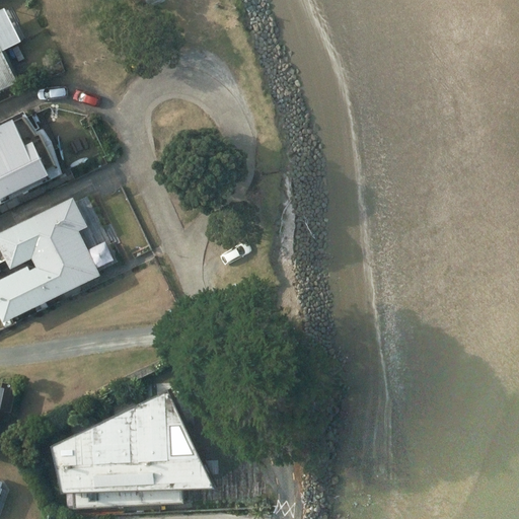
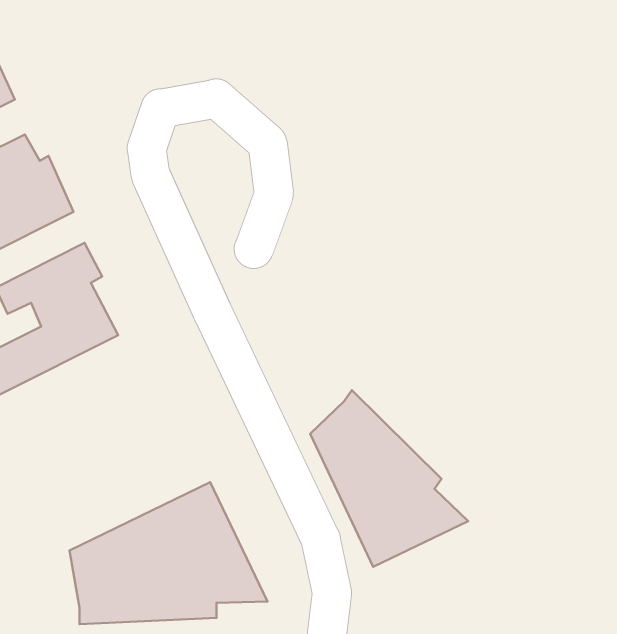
building: none -> [310,390,468,567]

